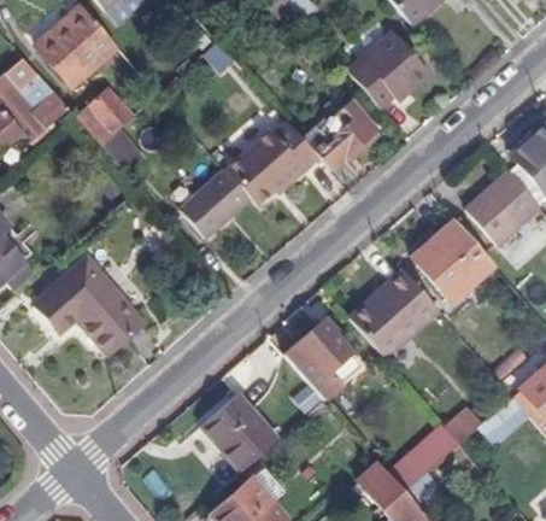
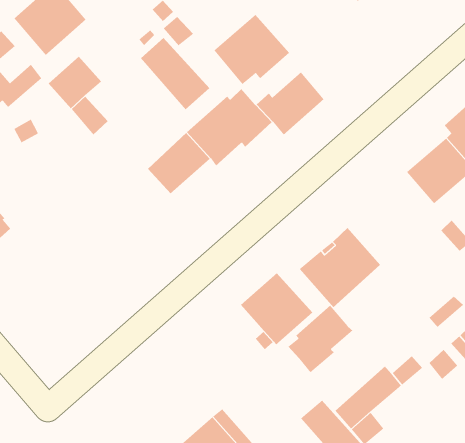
building: [347,29,430,106] -> [213,14,290,85]
building: none -> [140,37,210,110]
building: [412,219,495,302] -> none
building: [34,258,143,351] -> none
building: none -> [287,305,354,373]
building: [200,392,276,472] -> none

